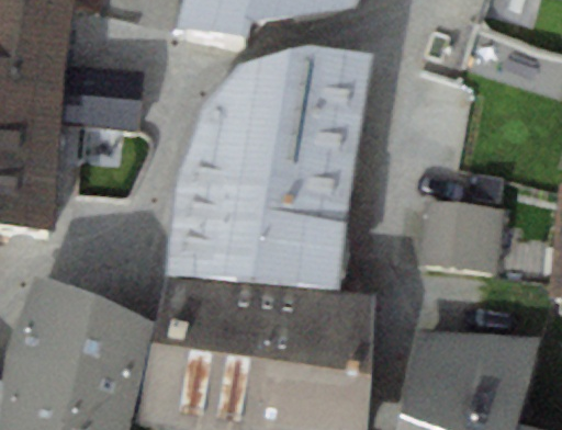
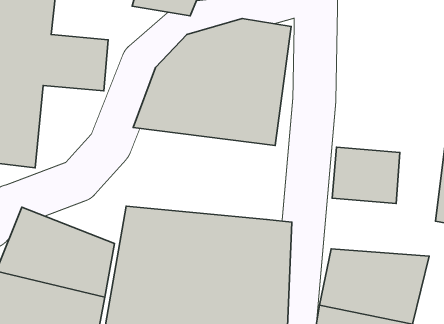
building: [166,179,349,292] -> none

